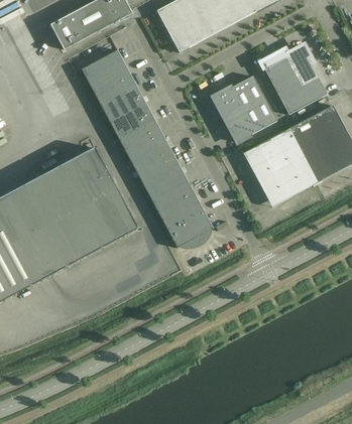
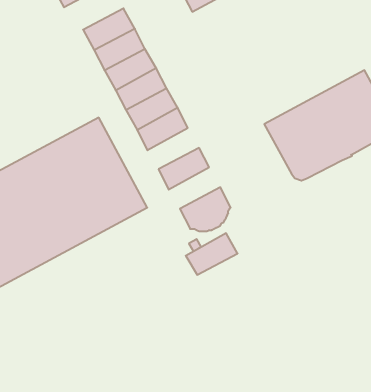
building: [264,46,327,114] -> none
building: [213,76,277,142] -> none
building: [138,156,185,193] -> none
building: [157,191,204,229] -> [186,233,238,275]

